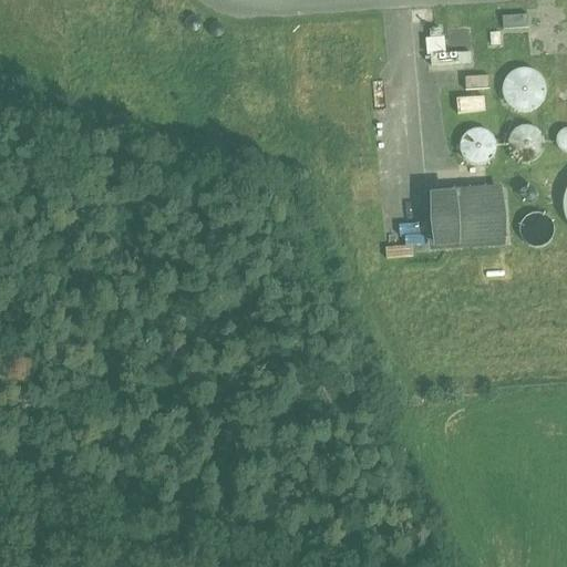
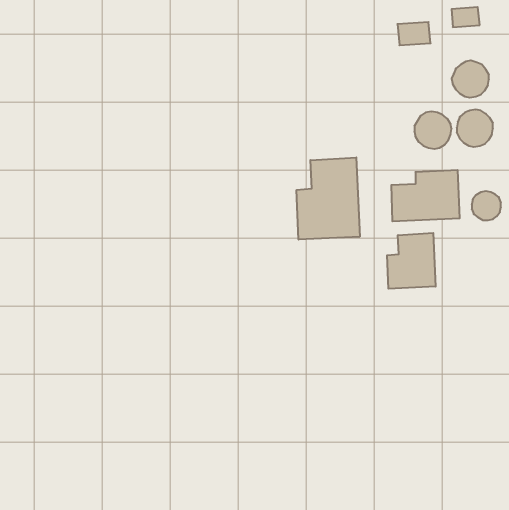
building: none -> [297,157,360,240]
building: none -> [387,233,436,289]

